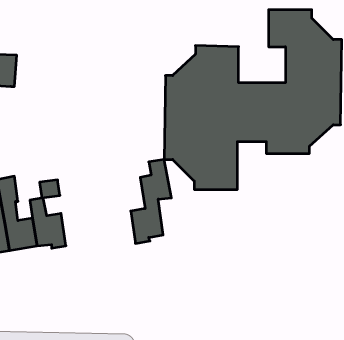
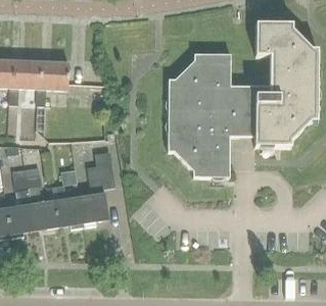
building: none -> [36,61,68,105]
building: [131,159,171,243] -> [79,152,113,223]

